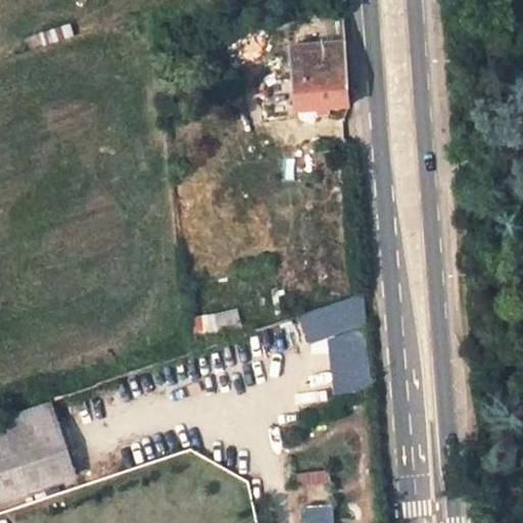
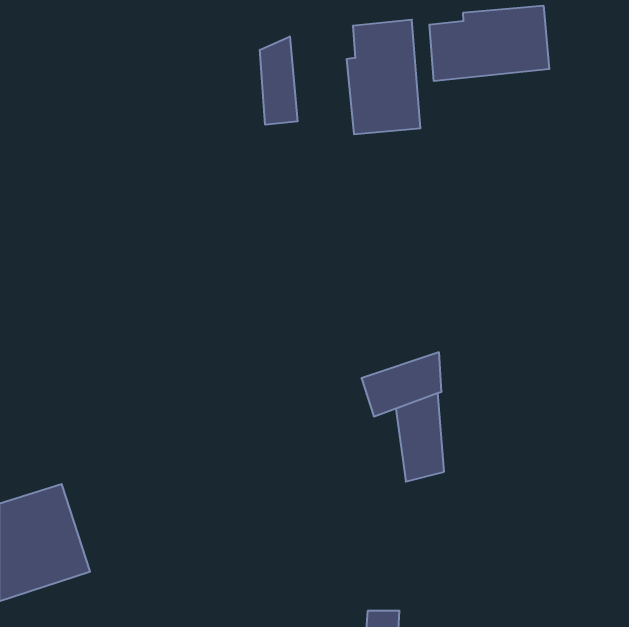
building: none -> [429,6,549,81]
building: none -> [260,36,298,125]

